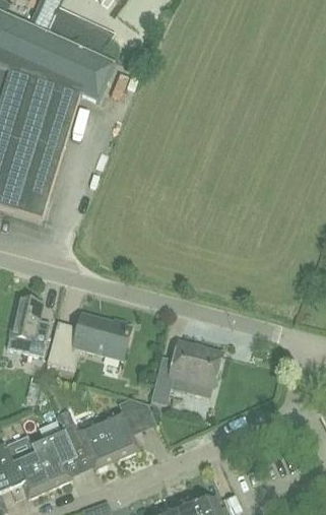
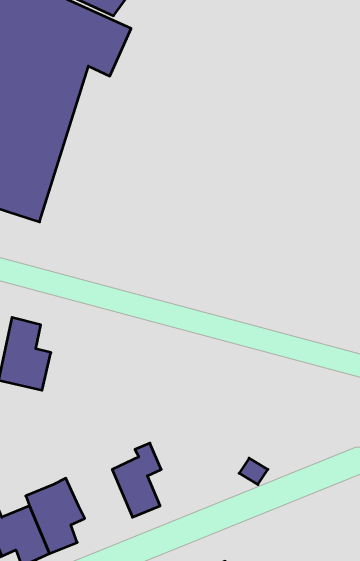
building: [47,315,130,369] -> none
building: [150,340,221,404] -> none
building: [57,408,116,468] -> none

